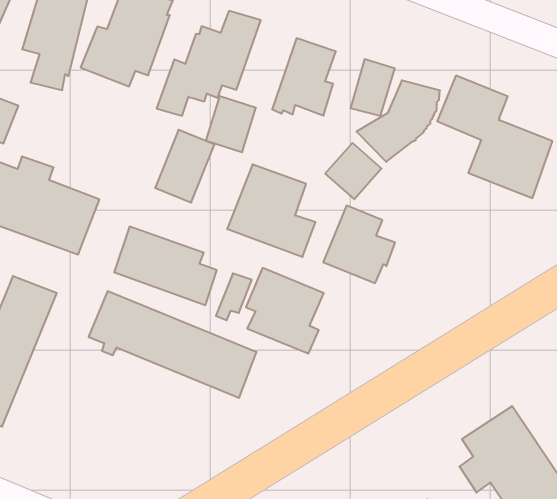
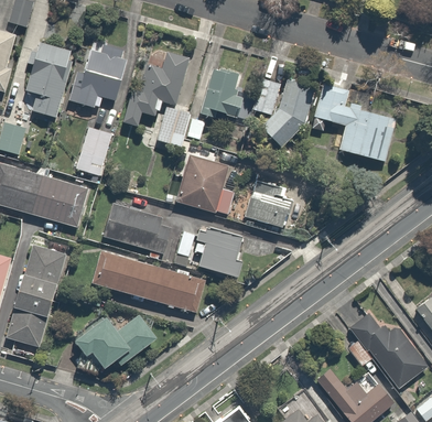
building: [155,130,214,203] -> [77,127,115,175]
building: [325,143,382,199] -> none
building: none -> [69,314,155,374]

